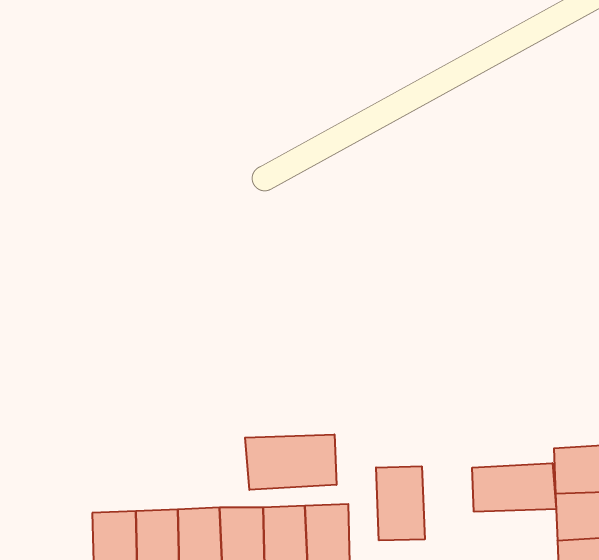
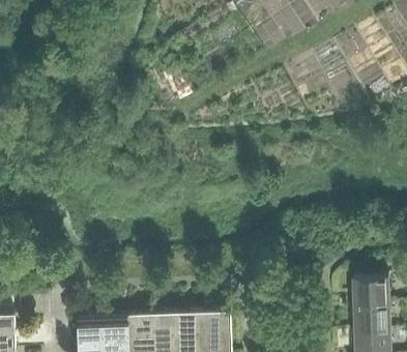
building: [245,434,336,490] -> none
building: [472,463,556,512] -> none
building: [376,466,425,540] -> none

